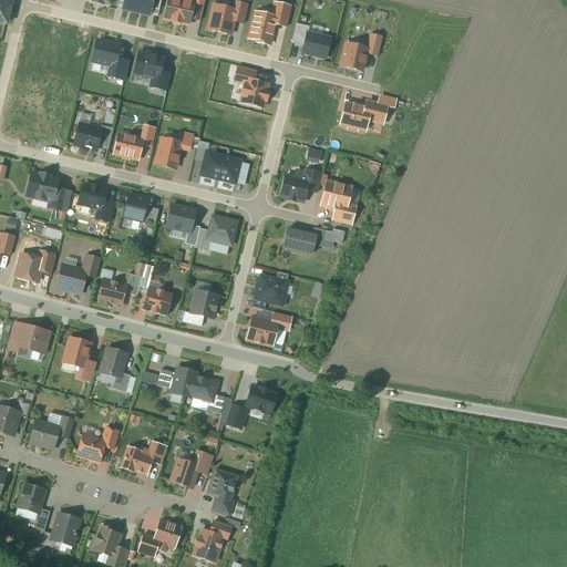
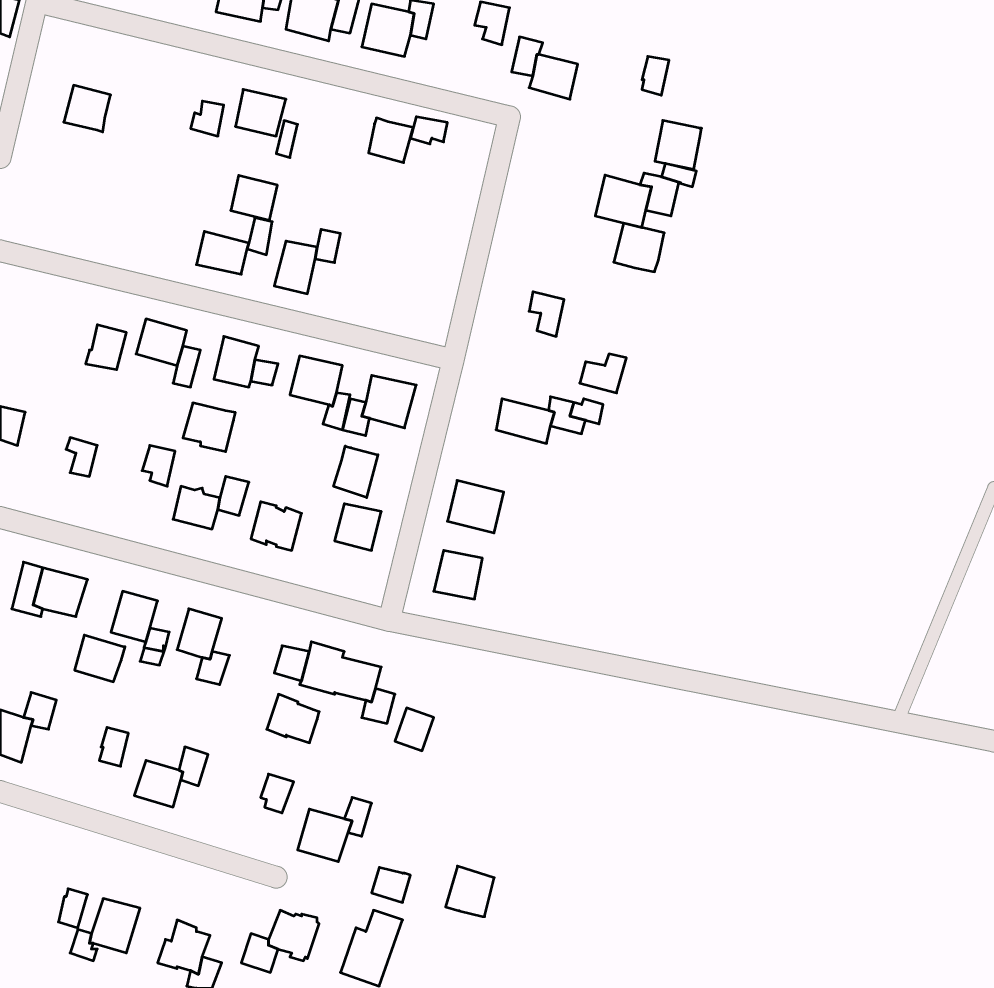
building: [248,10,277,43] -> none
building: [92,39,118,65] -> [64,85,111,132]
building: [340,41,367,69] -> [655,120,702,169]
building: [241,79,267,104] -> [369,118,413,163]
building: [74,122,101,147] -> [231,175,277,220]
building: [203,151,240,181] -> none
building: [25,172,56,199] -> none
building: [279,174,308,199] -> none
building: [321,181,350,208] -> [614,223,664,272]
building: [16,252,43,280] -> none
building: none -> [334,446,378,498]
building: [56,264,86,291] -> [183,403,235,452]
building: [245,384,276,412] -> none
building: [30,419,59,445] -> [75,635,125,682]
building: [122,445,152,473] -> [267,694,319,743]
building: [208,468,236,497] -> [446,866,494,917]
building: [18,483,44,511] -> none

